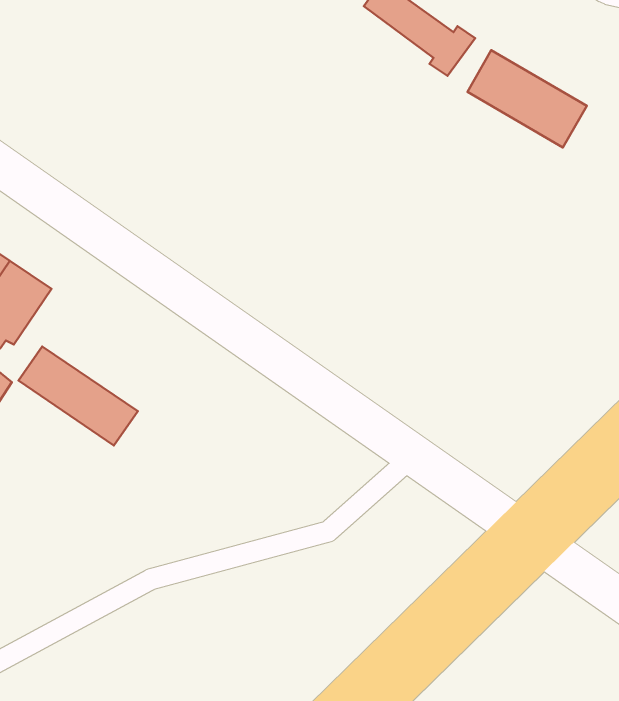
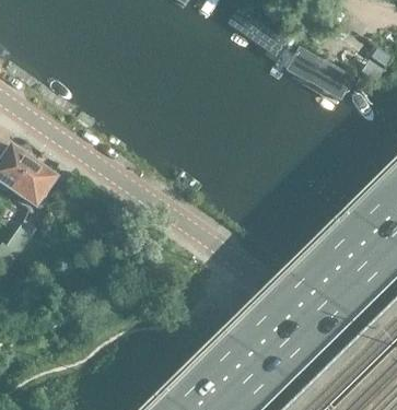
building: [18,346,138,445] -> none

